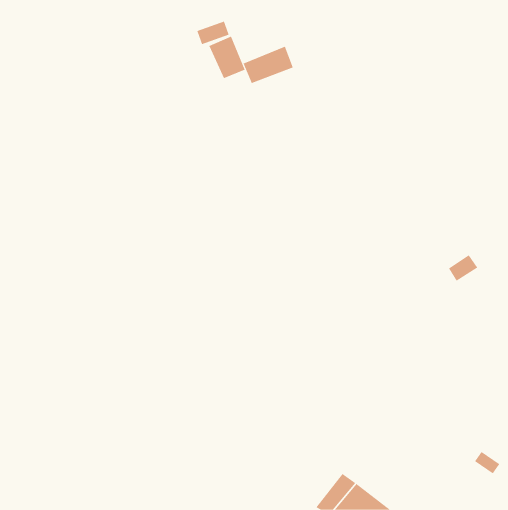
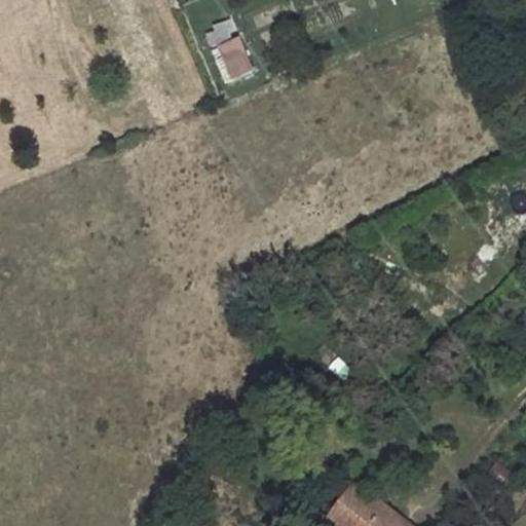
building: [243,46,294,84] -> none

